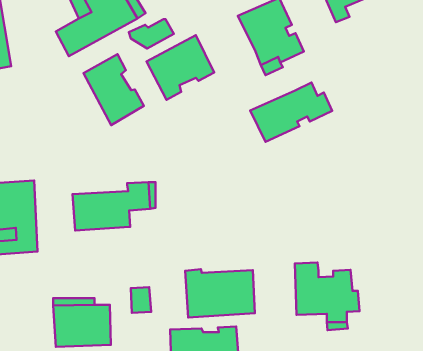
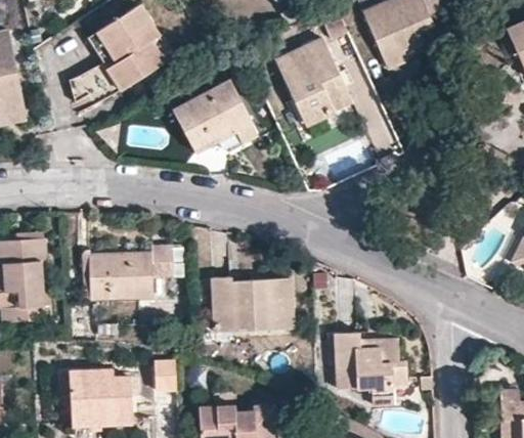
building: [129,19,174,49] -> [210,120,260,152]
building: [83,54,144,125] -> none
building: [250,82,332,142] -> none
building: [185,269,255,318] -> [216,279,294,334]

